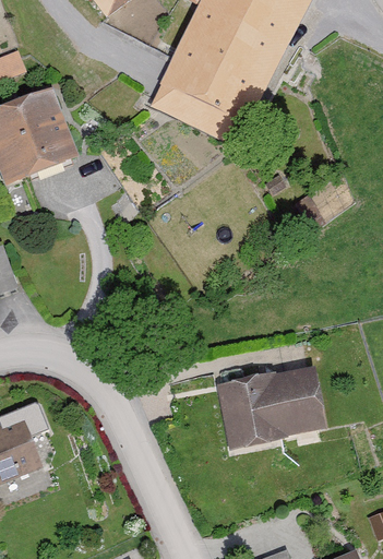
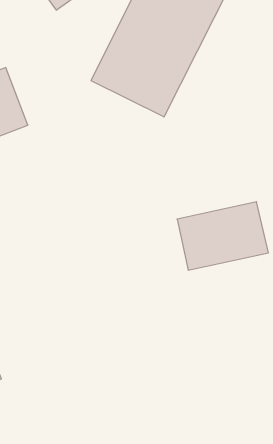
building: [218,365,327,447] -> [177,202,268,270]

